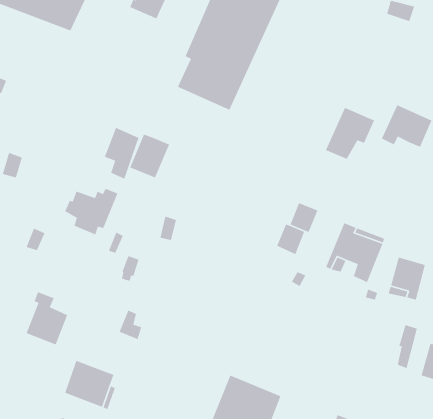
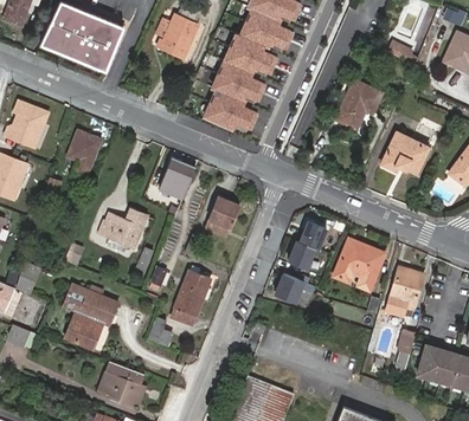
building: [325,107,375,160] -> [336,80,381,128]
building: [104,127,139,180] -> [68,129,99,176]
building: none -> [206,195,240,235]
building: none -> [172,270,210,324]
building: none -> [275,273,304,302]
building: none -> [63,284,121,325]

